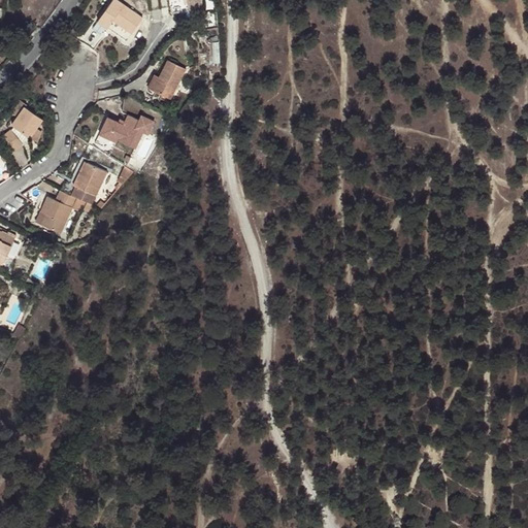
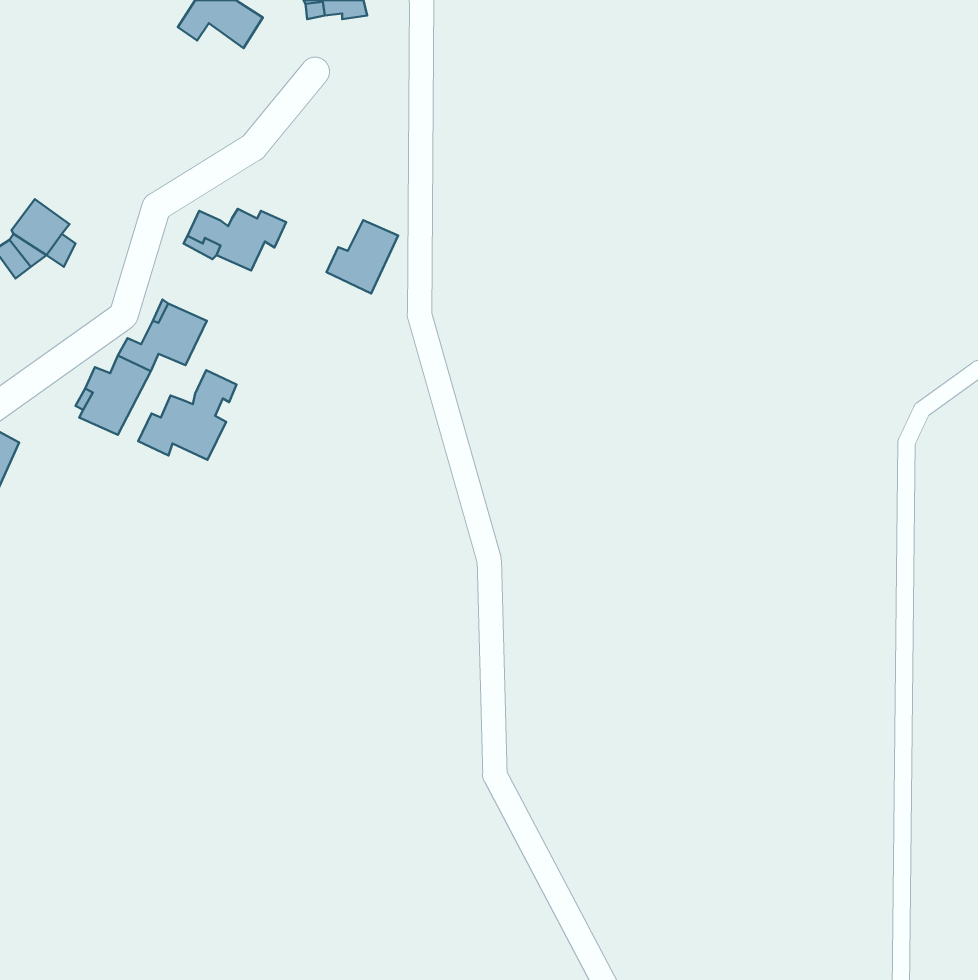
building: [147,60,186,99] -> [327,220,398,294]
building: none -> [138,370,237,460]

